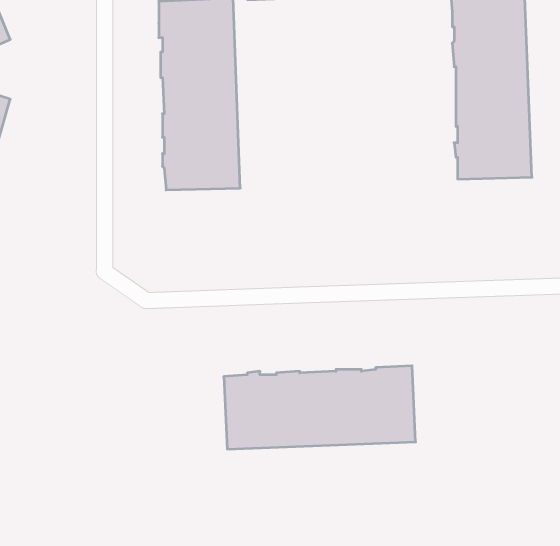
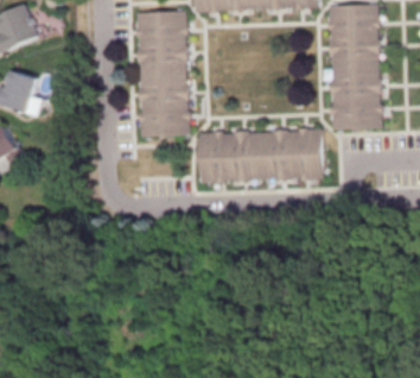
building: [224,366,416,449] -> [198,127,324,182]

